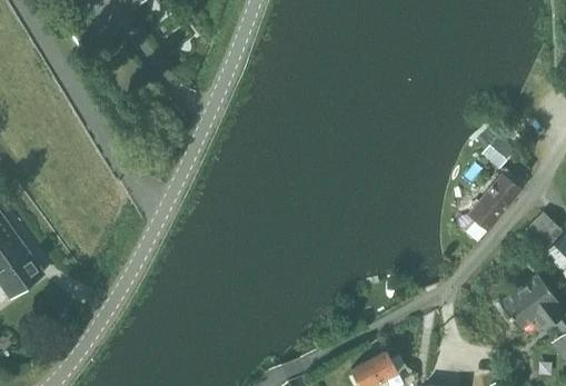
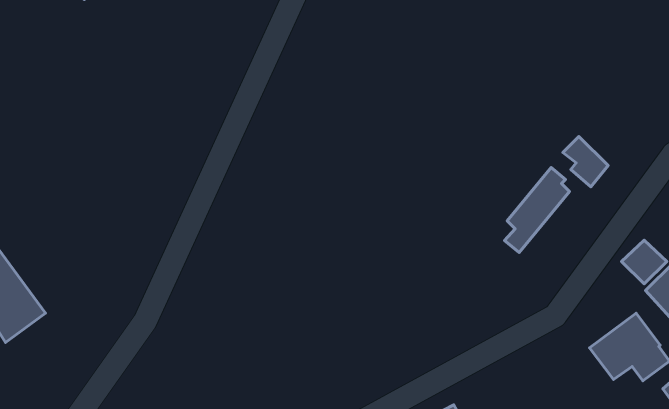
building: [466,169,520,240] -> [504,168,570,253]

